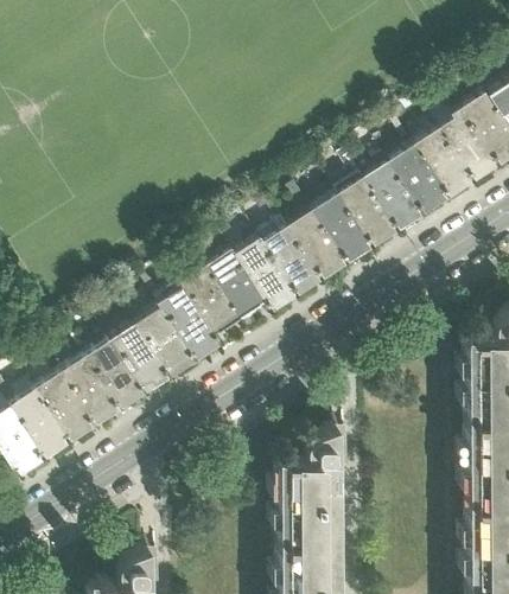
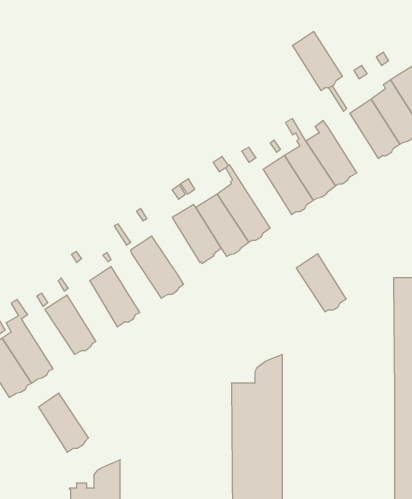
building: [394,142,452,211] -> [292,31,342,91]
building: [293,207,351,275] -> [296,254,346,312]
building: [186,263,244,331] -> none
building: [141,305,199,373] -> none
building: [90,337,148,407] -> none
building: [40,370,98,439] -> [39,393,89,452]

